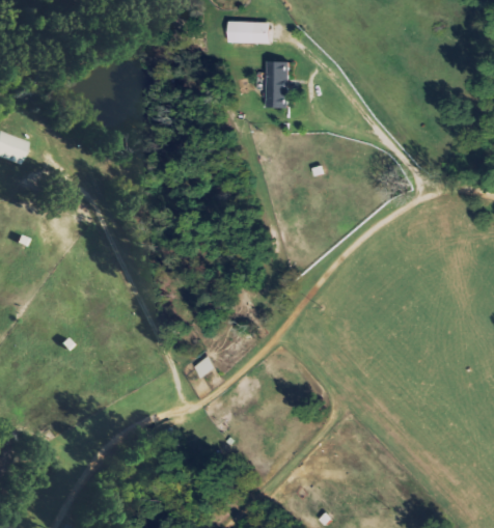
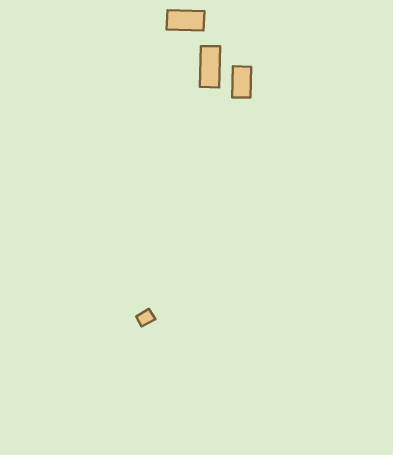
building: none -> [232,66,251,98]

